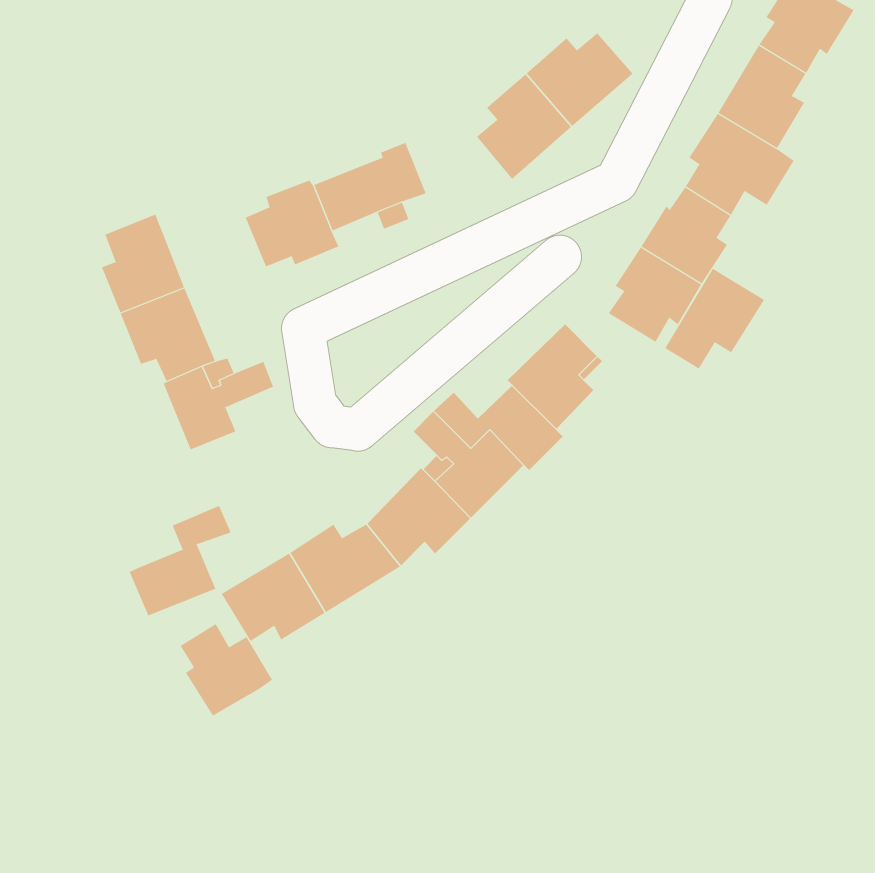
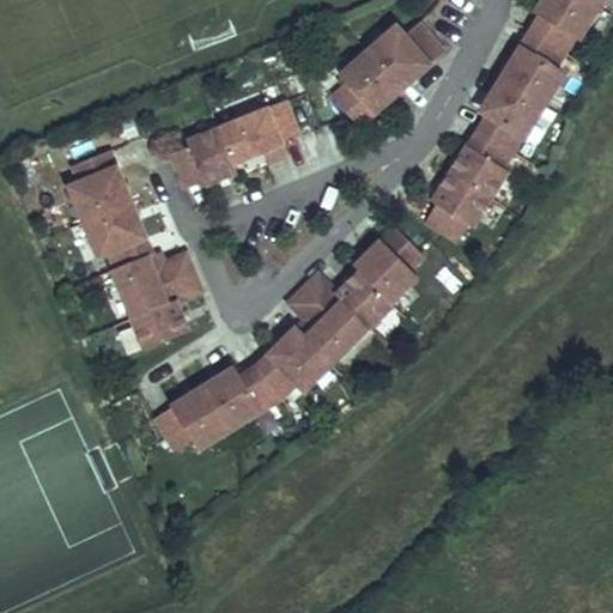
building: [665,268,765,370] -> none
building: [129,505,232,616] -> [128,271,200,348]
building: [180,623,273,717] -> none

